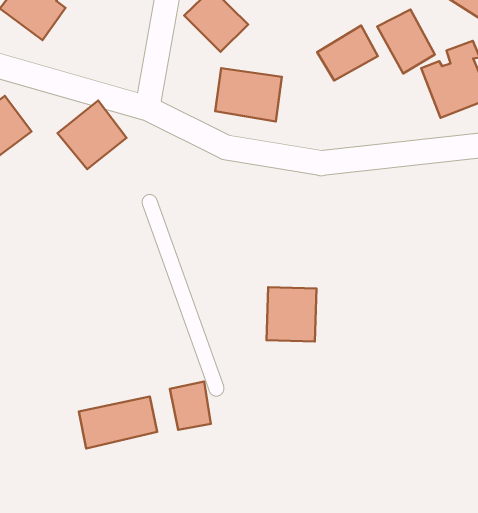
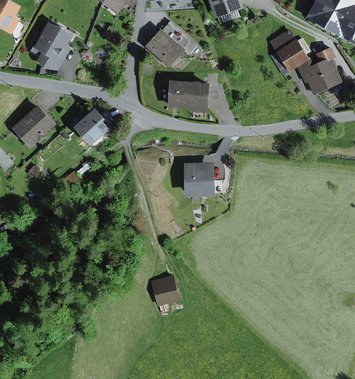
building: [317,26,378,80] -> none
building: [266,287,317,342] -> [185,159,216,194]
building: [79,396,157,448] -> none

